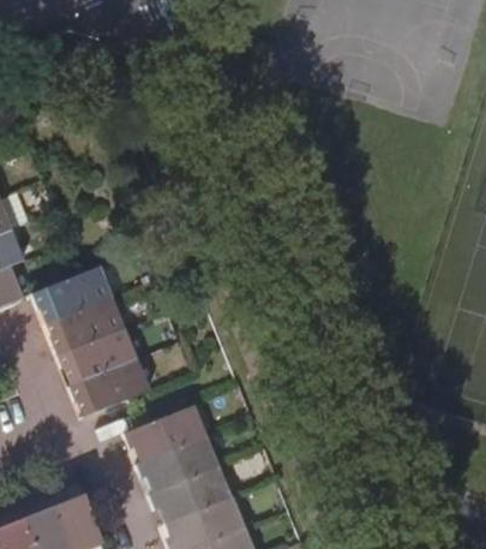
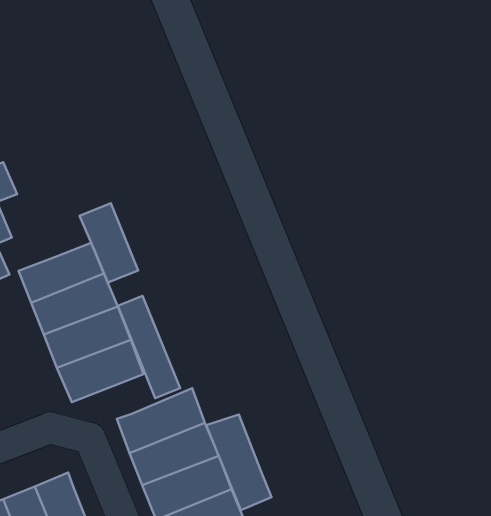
building: none -> [80,203,138,283]
building: none -> [118,296,180,398]
building: none -> [206,415,271,510]

